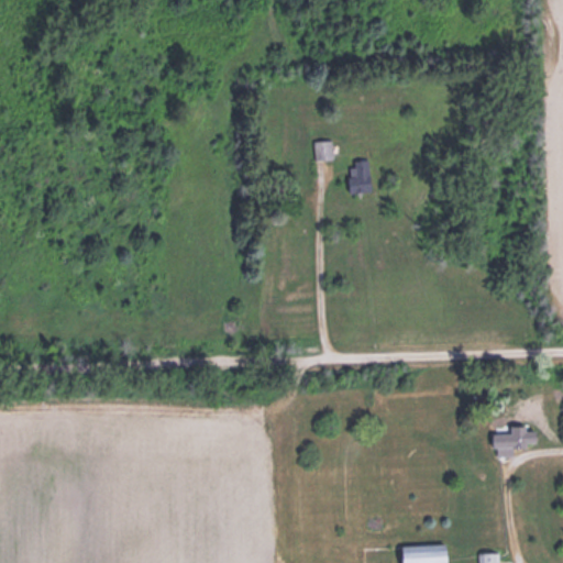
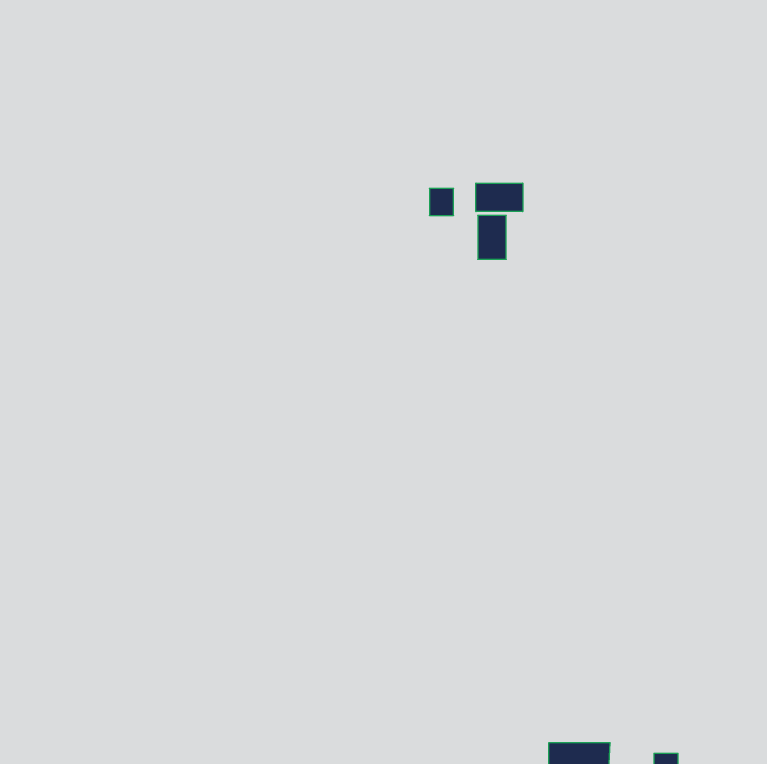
building: none -> [476,183,523,212]
building: [495,427,538,460] -> none

